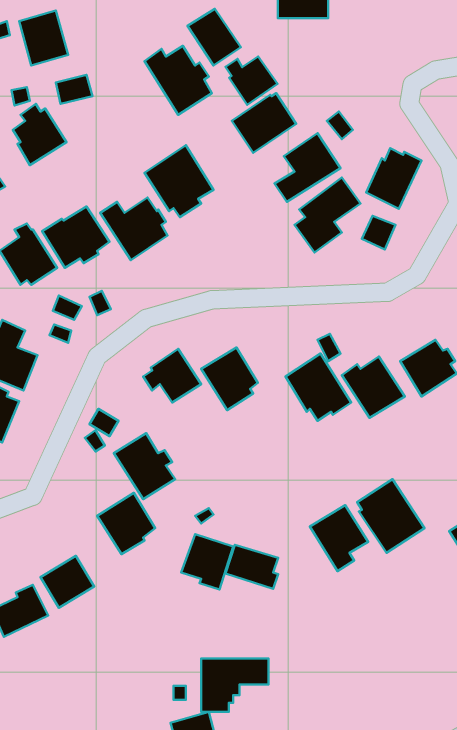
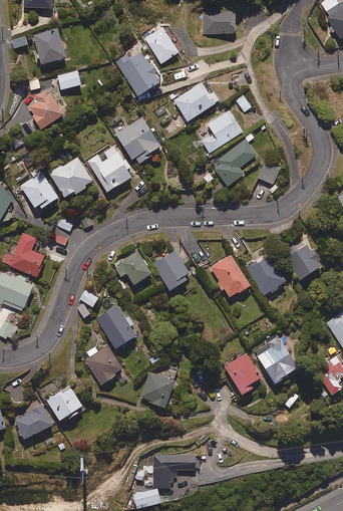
building: [225,56,278,105] -> none
building: [366,148,421,209] -> none
building: [226,545,278,589] -> none

